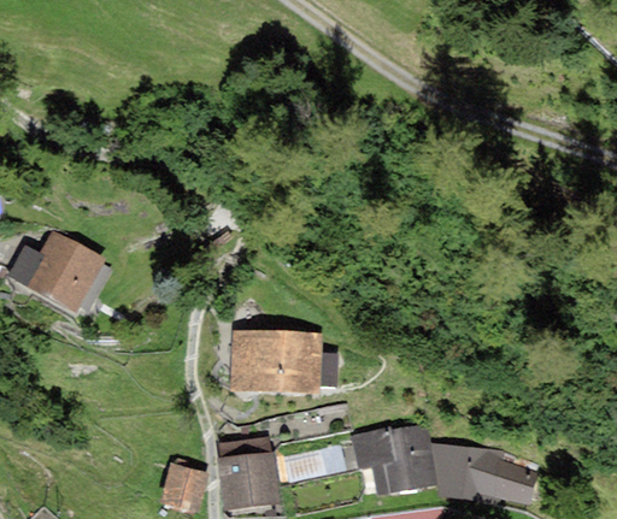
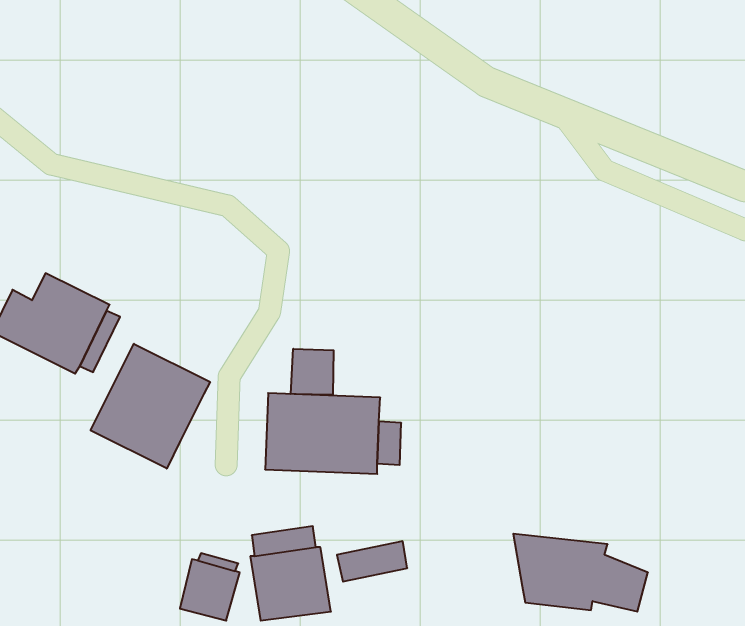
building: none -> [91,344,210,469]
building: none -> [291,349,334,395]
building: [351,425,436,496] -> none

